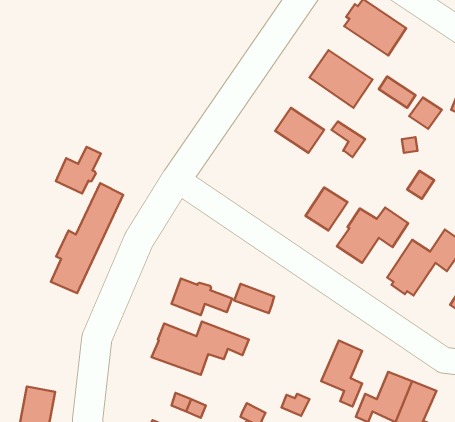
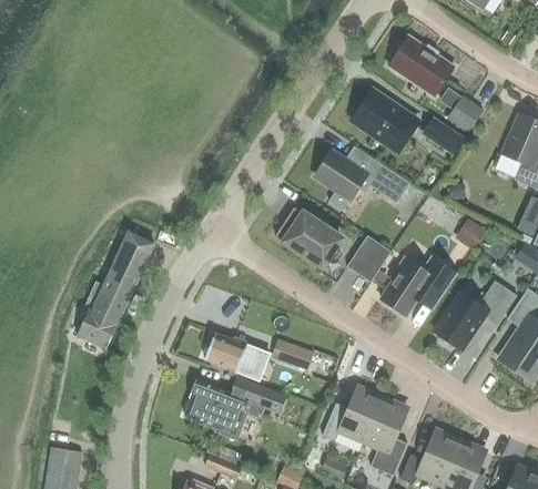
building: [409,97,442,129] -> [447,98,481,131]
building: [56,147,101,194] -> none
building: none -> [275,206,341,266]
building: none -> [323,386,383,440]

